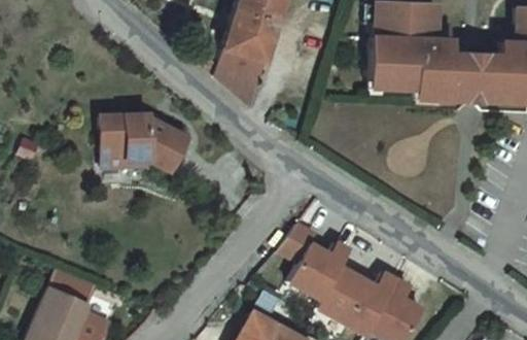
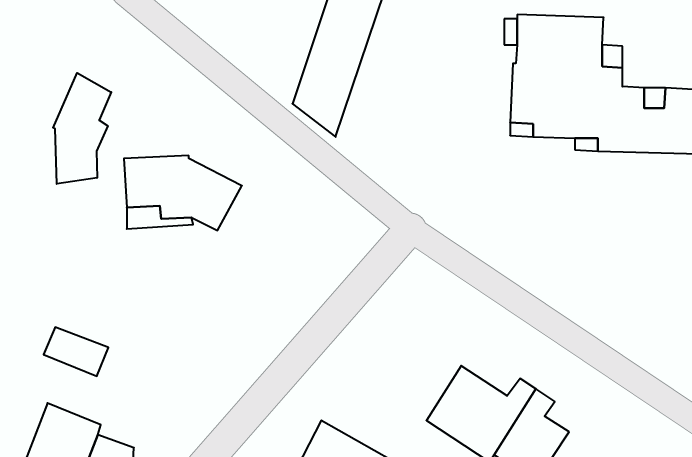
building: none -> [53,73,111,184]
building: [284,219,353,302] -> none
building: [47,270,94,305] -> [44,327,108,376]

